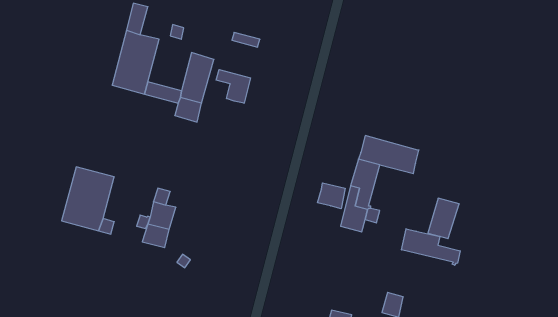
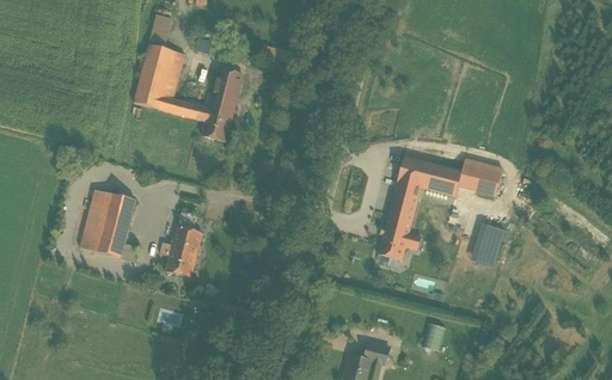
building: [216,70,251,103] -> none
building: none -> [458,158,502,196]
building: [318,183,345,209] -> none
building: [402,229,460,265] -> none

